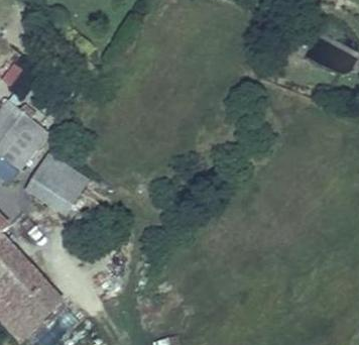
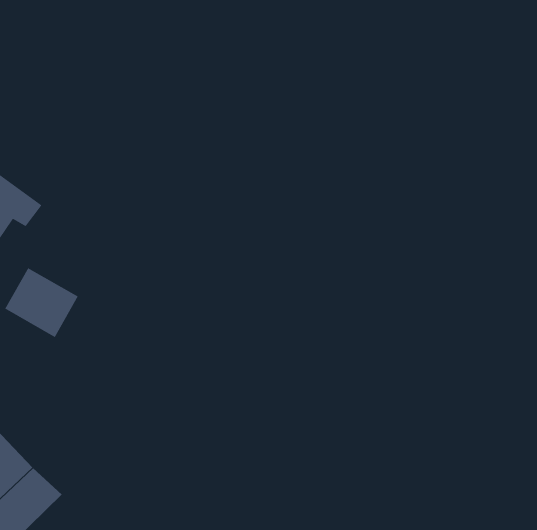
building: [41,155,86,214] -> none

